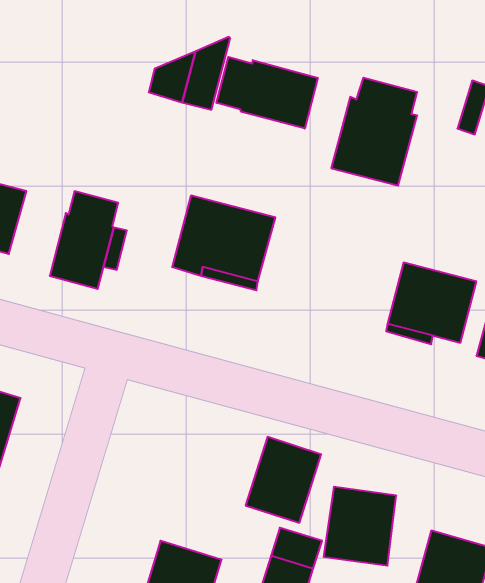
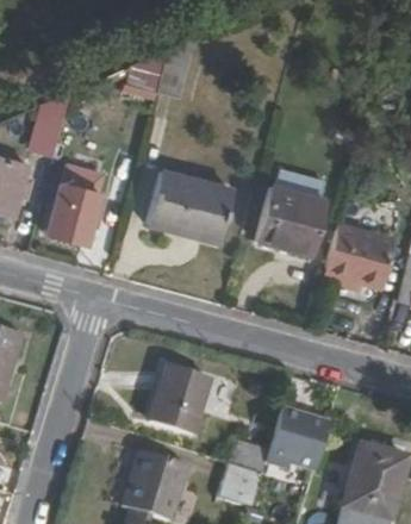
building: [216,57,318,129] -> none
building: [331,78,417,186] -> [256,168,326,256]
building: none -> [30,92,70,155]
building: [246,437,321,523] -> [149,364,211,435]

